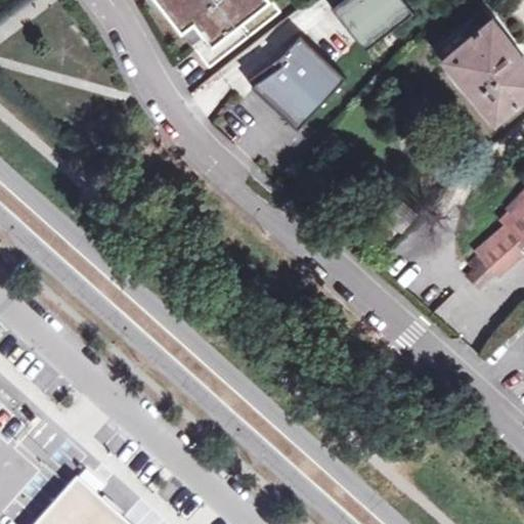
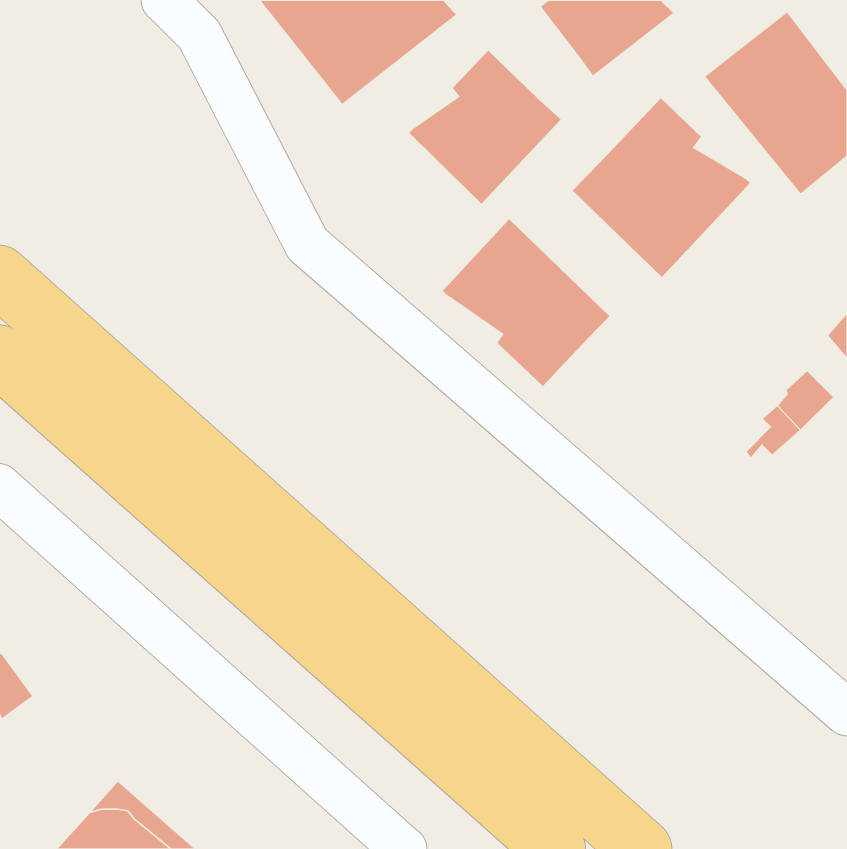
building: none -> [572,97,751,278]
building: none -> [442,218,610,387]

